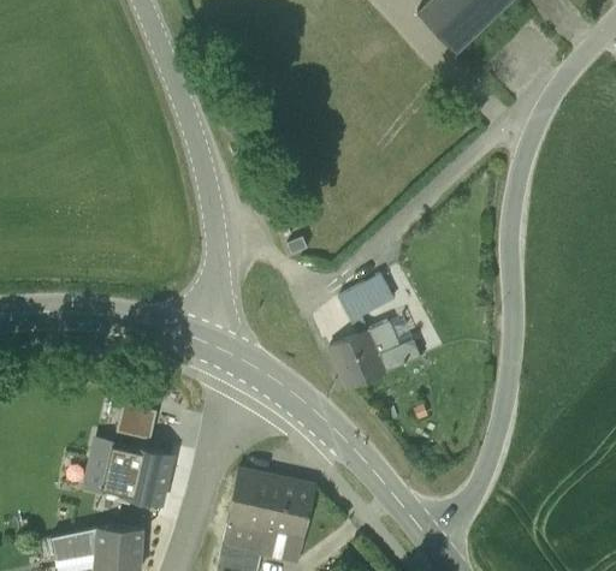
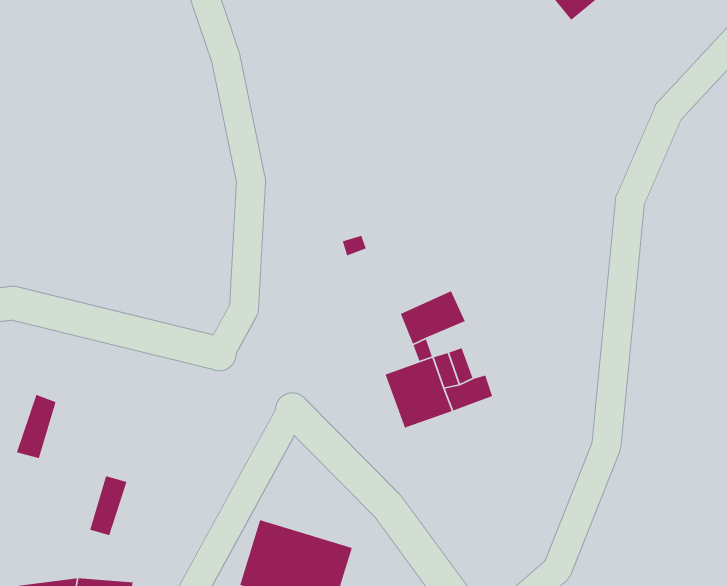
building: [116,398,154,433] -> none
building: [85,438,114,489] -> [16,394,56,459]
building: [122,446,172,502] -> none

